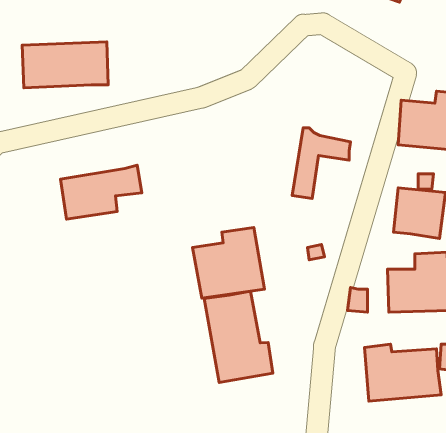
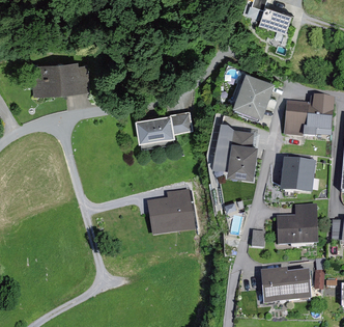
building: none -> [233,72,274,116]
building: none -> [225,139,256,178]
building: [60,165,142,219] -> [136,110,191,146]
building: [204,291,273,382] -> none

